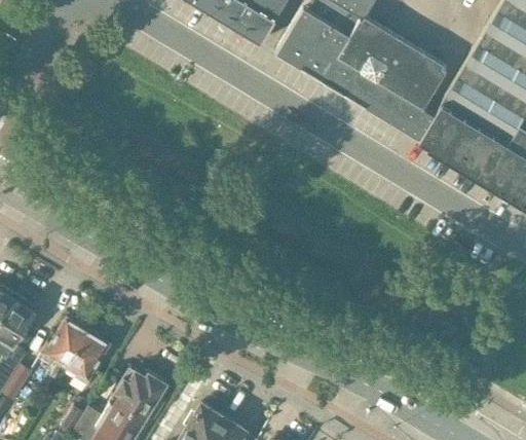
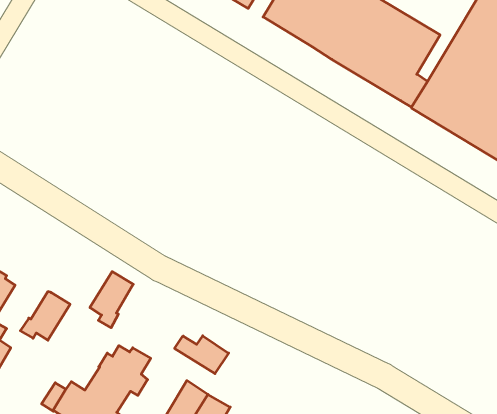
building: [66,331,108,386] -> [90,272,133,328]
building: none -> [175,336,229,374]

